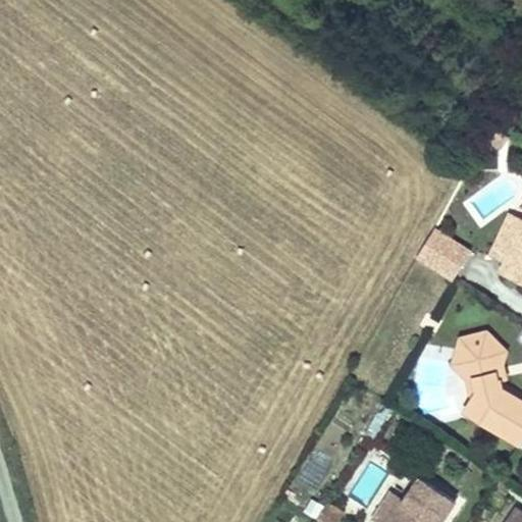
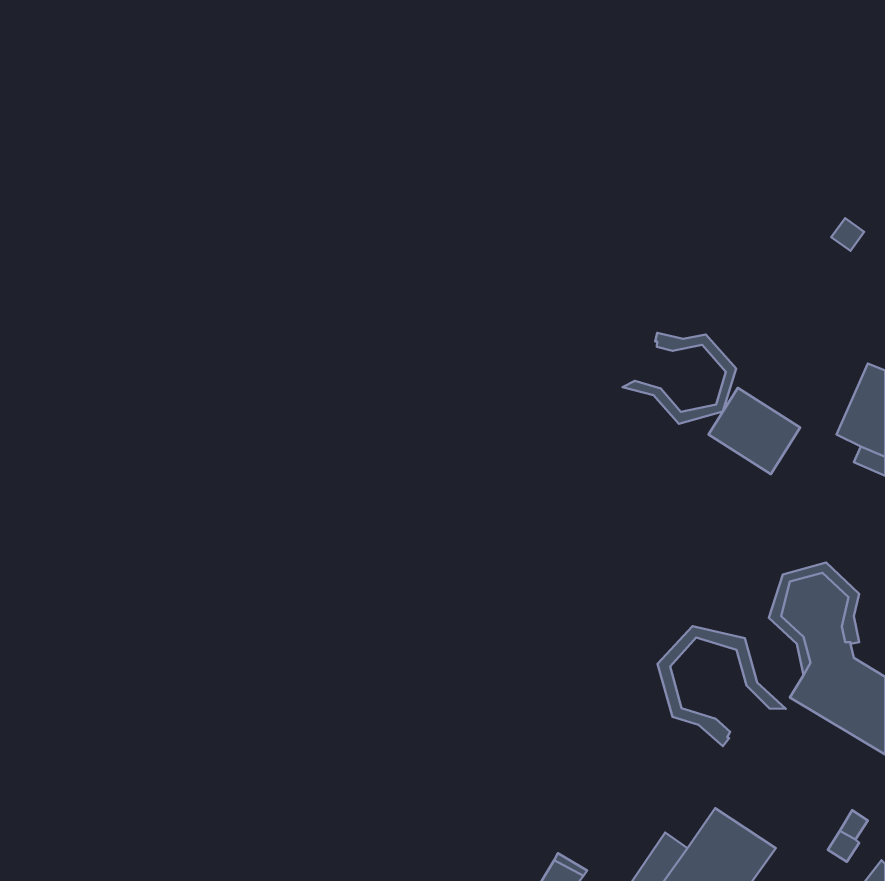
building: none -> [623,333,736,424]
building: none -> [657,626,786,746]

